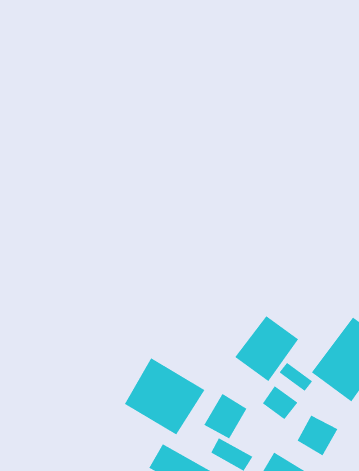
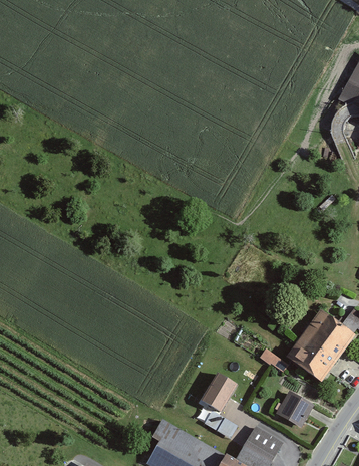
building: [234,315,299,382] -> none
building: [124,357,206,436] -> none
building: [262,385,298,420] -> none

